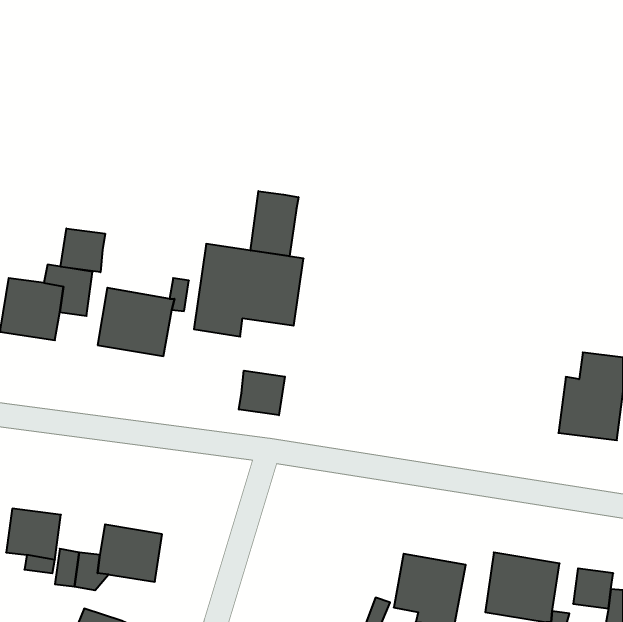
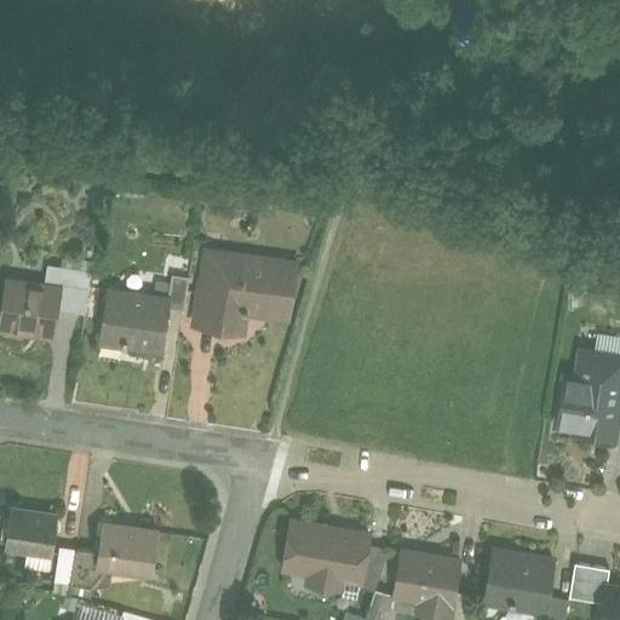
building: [251,191,298,256] -> none
building: [61,228,105,272] -> none
building: [239,371,285,415] -> none
building: none -> [279,522,372,598]

